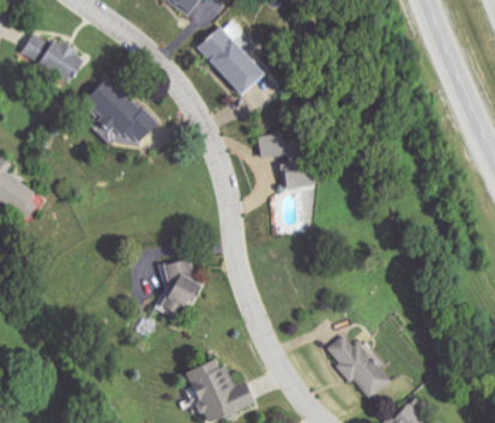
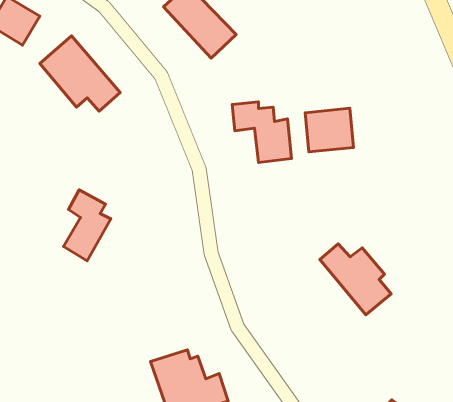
building: none -> [305,108,353,152]
building: [156,256,199,321] -> [63,190,111,261]
building: [326,336,391,400] -> [320,244,391,315]

